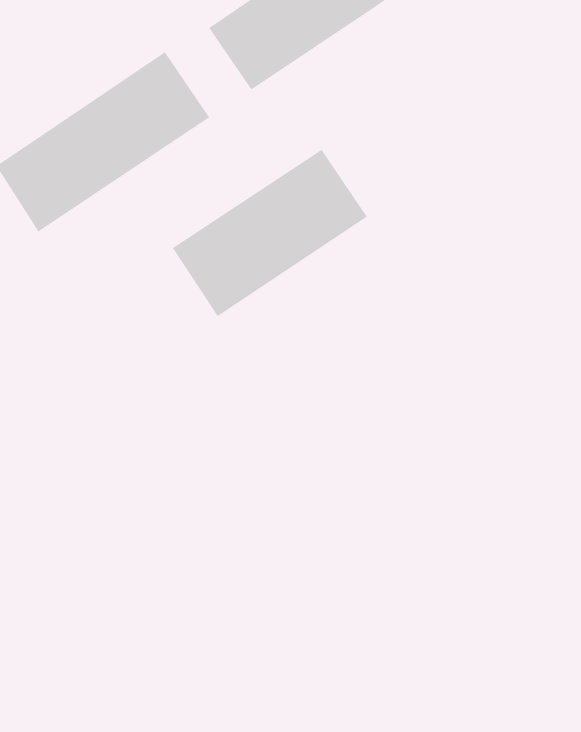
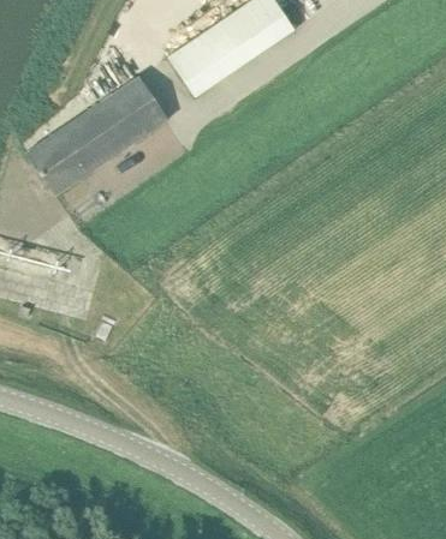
building: [172,149,368,317] -> none

